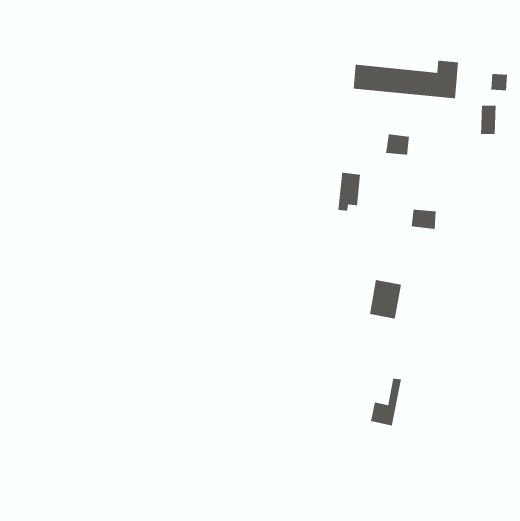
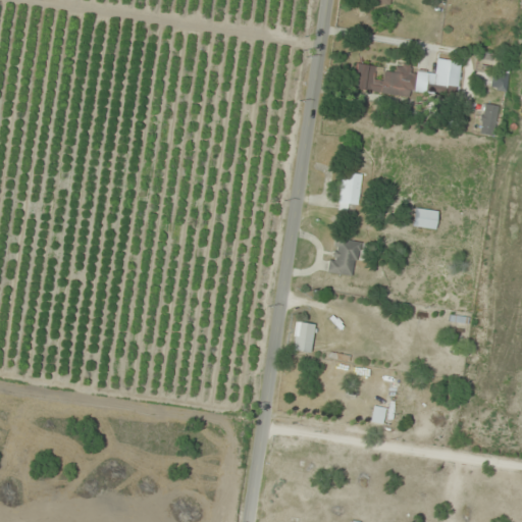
building: [385,133,409,156] -> none
building: [369,279,402,319] -> [328,238,361,277]
building: none -> [293,322,315,354]

